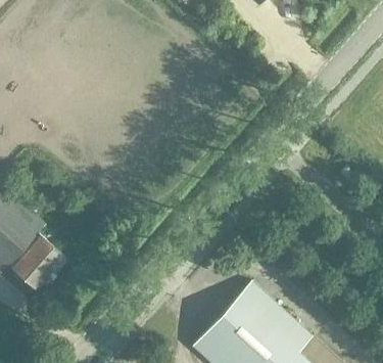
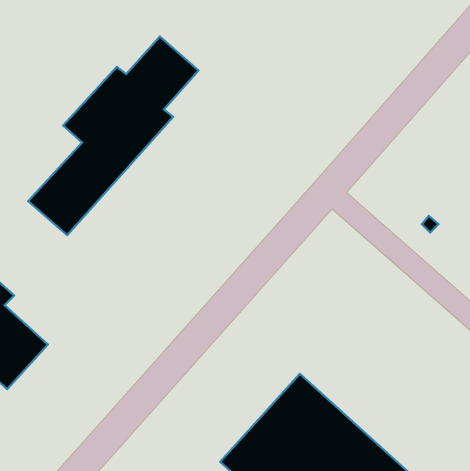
building: none -> [28,36,198,235]

